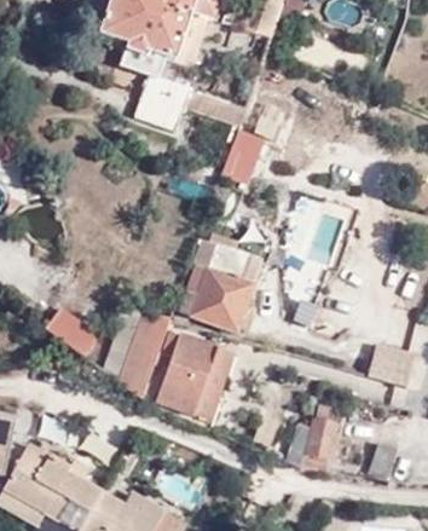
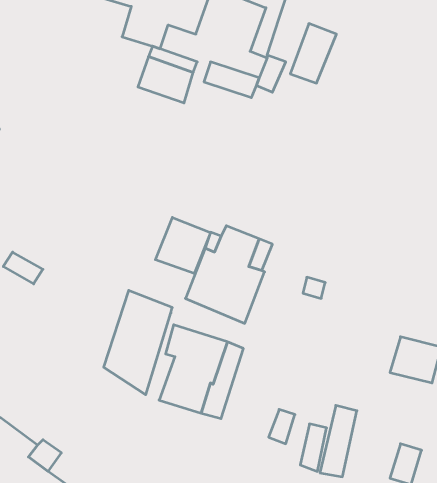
building: [221,128,264,183] -> [290,24,336,83]
building: none -> [155,217,210,274]
building: [48,308,105,362] -> none

